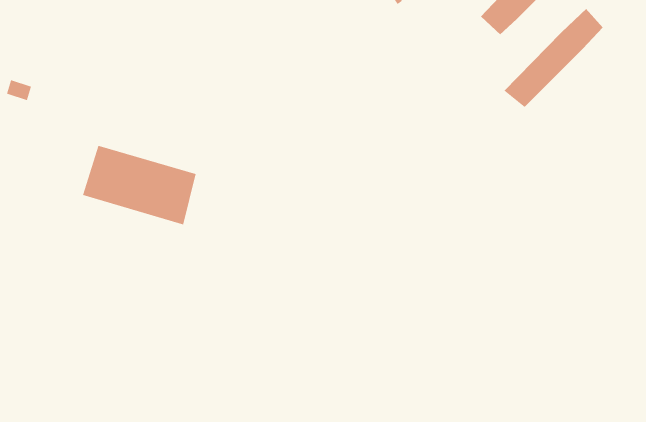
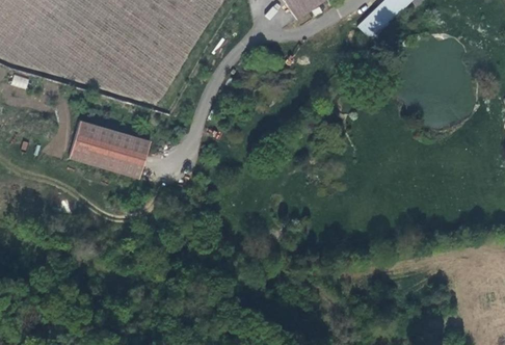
building: [504,8,604,108] -> none

